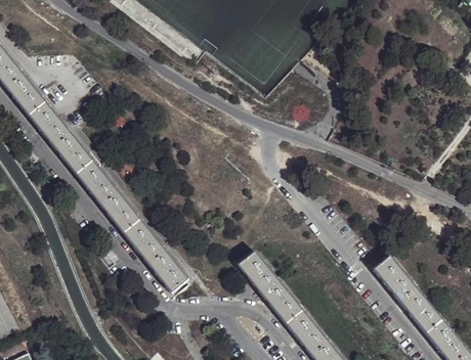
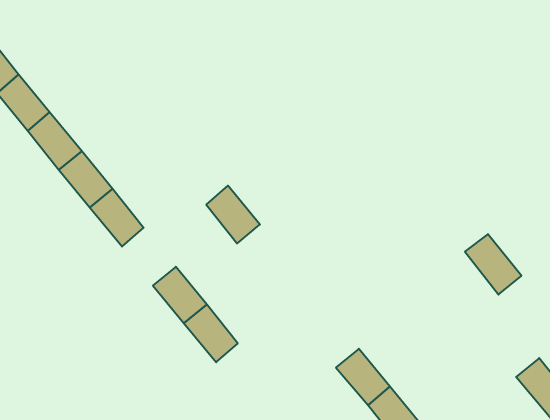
building: [101,190,142,234] -> [206,186,260,243]
building: [241,253,282,297] -> none
building: [376,258,419,304] -> [465,234,521,295]

